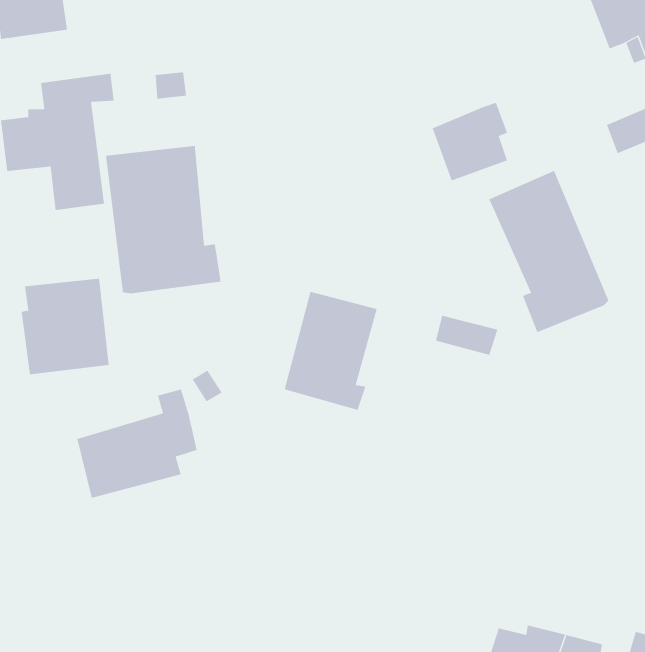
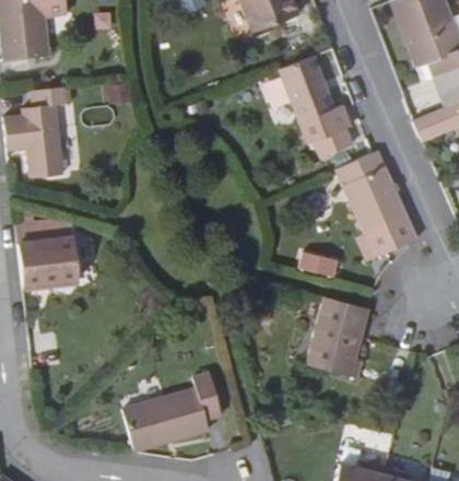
building: none -> [275,56,330,122]
building: [105,145,221,294] -> none
building: [284,291,377,411] -> [306,297,369,378]
building: [77,389,198,499] -> [139,376,221,450]

